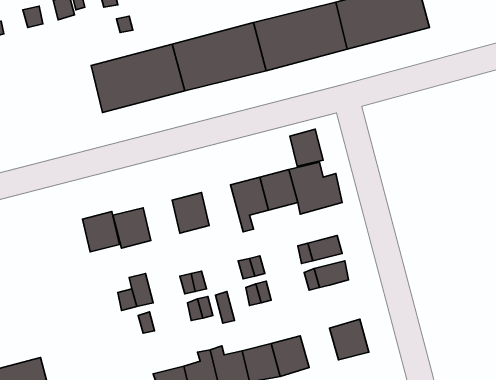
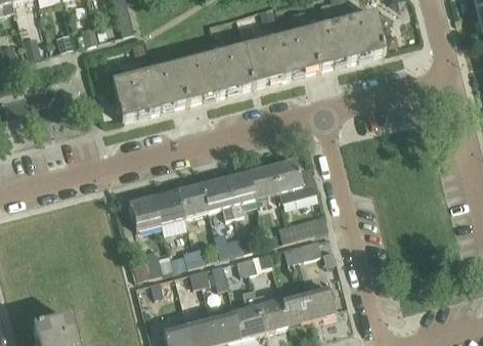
building: [290,129,323,166] -> none
building: none -> [201,177,234,218]
building: [83,211,119,252] -> [153,189,183,222]
building: none -> [280,293,311,325]

